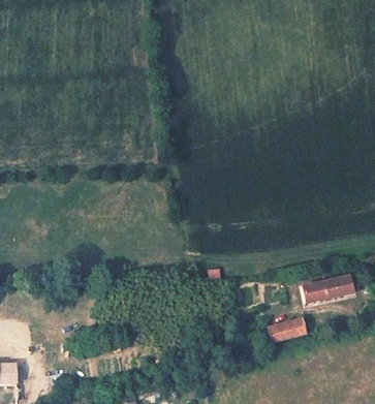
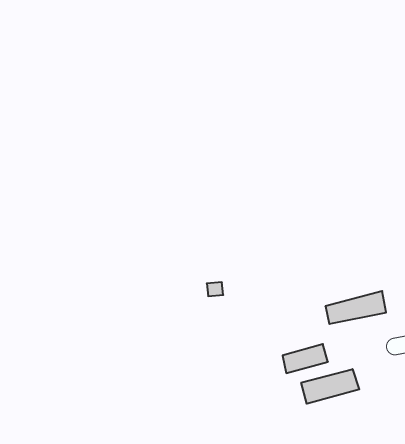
building: none -> [301,369,359,404]

